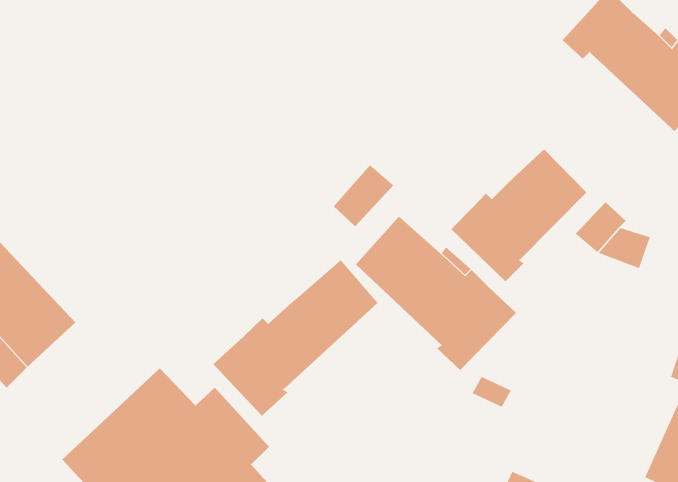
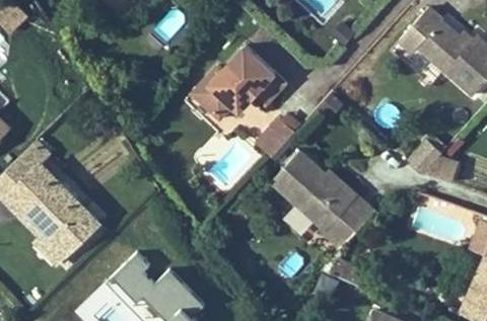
building: none -> [190,46,285,122]
building: [450,149,587,282] -> none
building: [213,259,379,416] -> none

